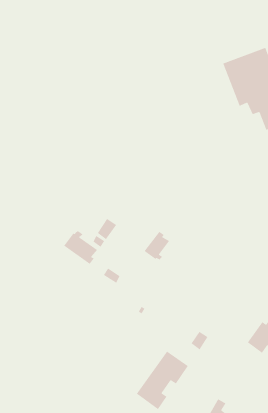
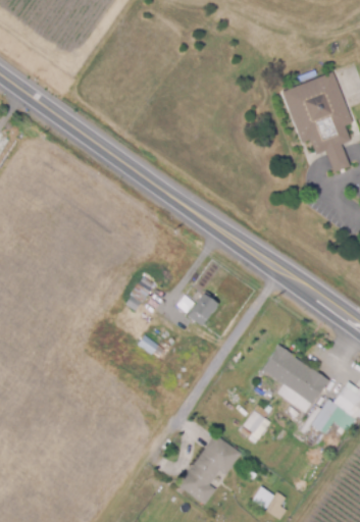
building: [63,230,98,265] -> none
building: none -> [260,346,329,413]

